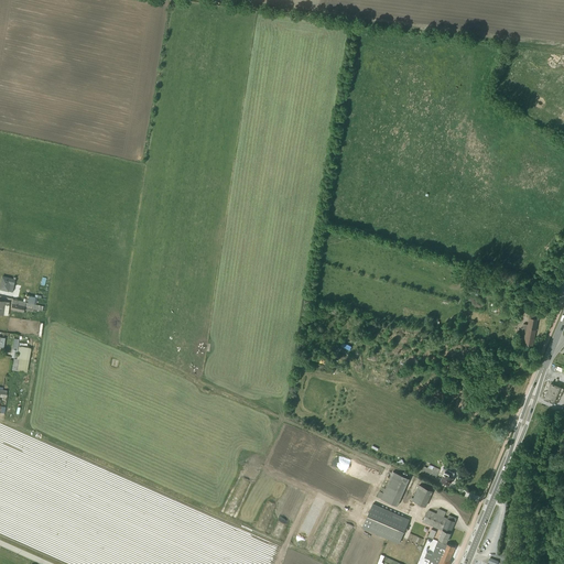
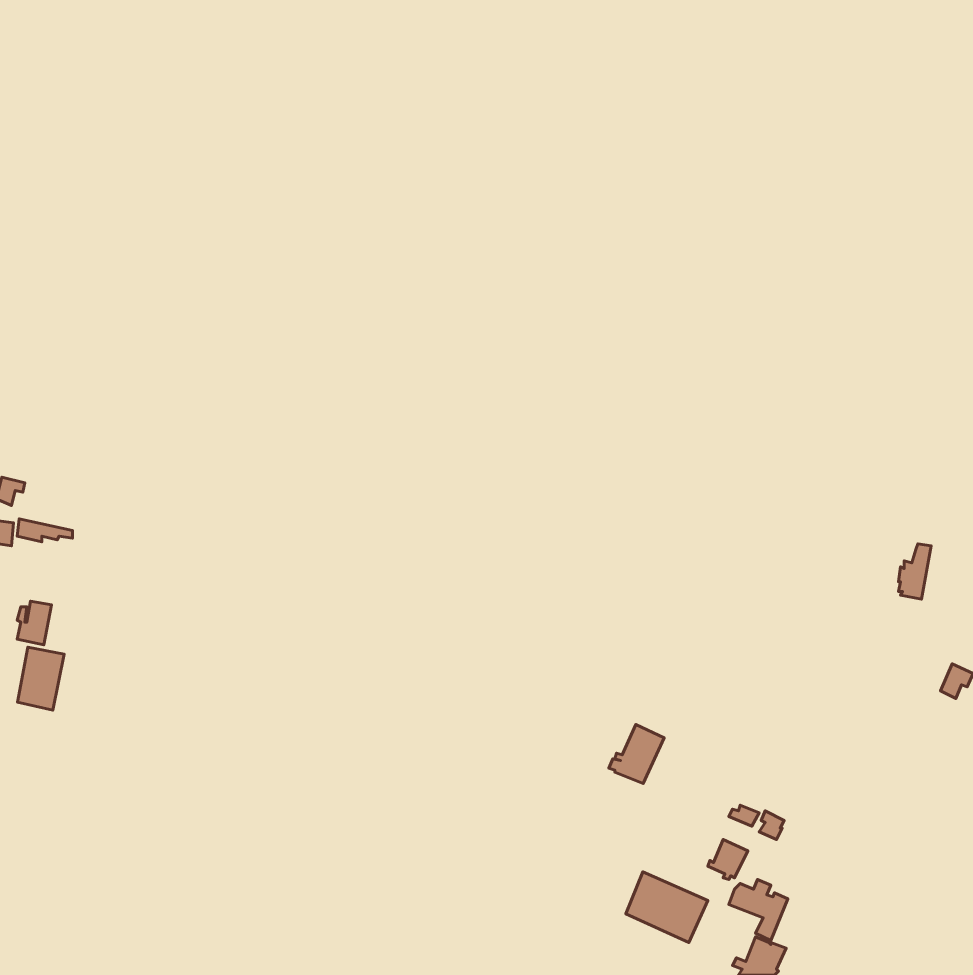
building: none -> [17,647,64,710]
building: [376,471,408,506] -> [609,724,664,784]

